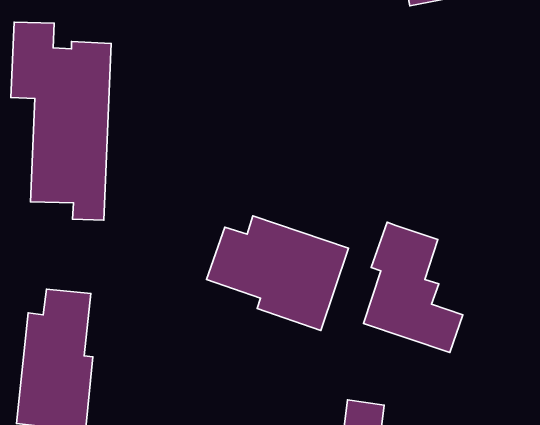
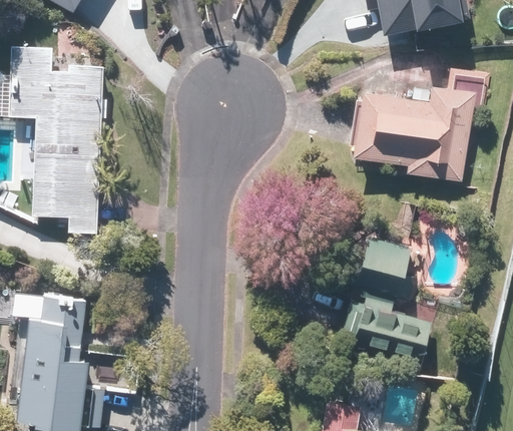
building: none -> [353,77,491,179]
building: [207,216,349,330] -> none

